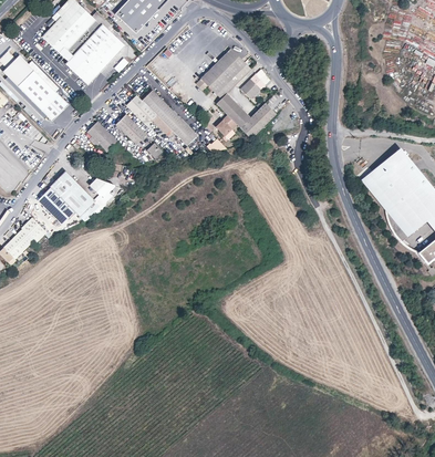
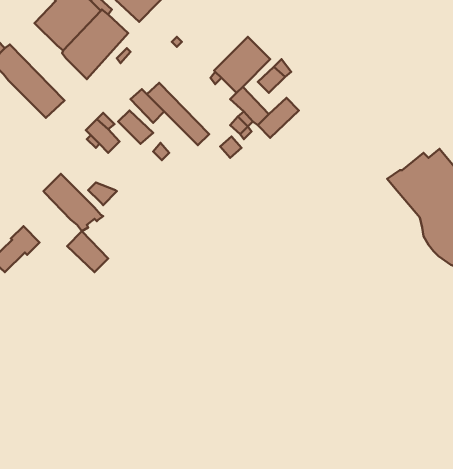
building: [37,186,73,222] -> [67,231,108,272]

